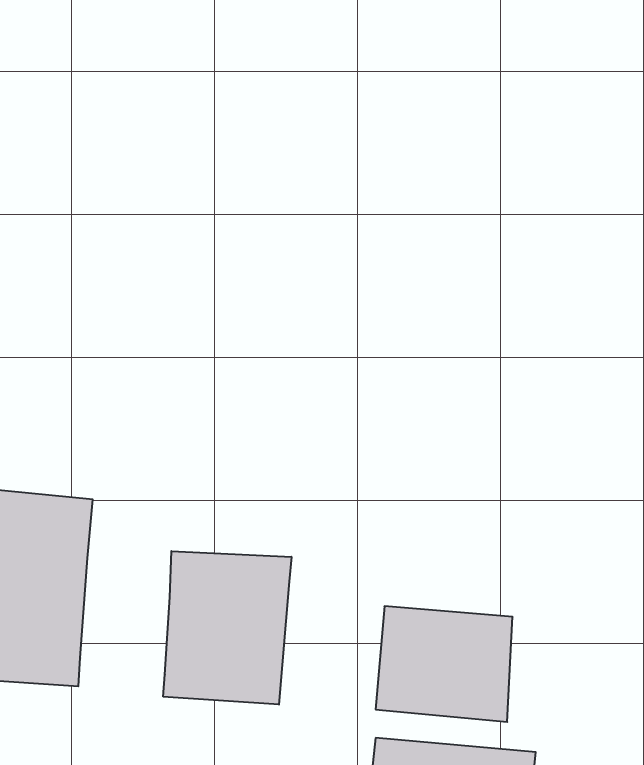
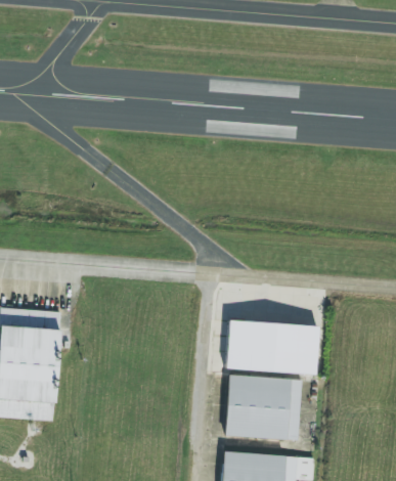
building: none -> [228,321,320,373]
building: [163,551,291,705] -> none

